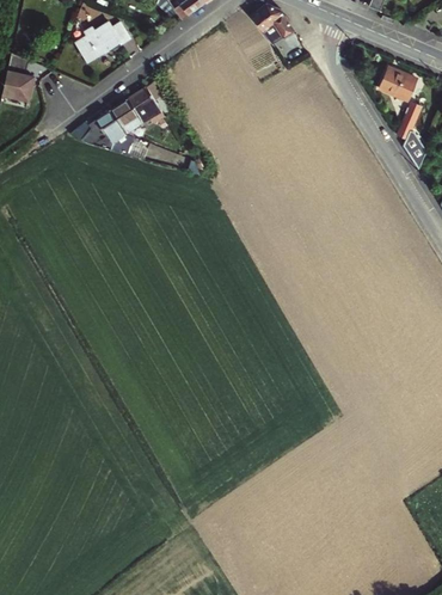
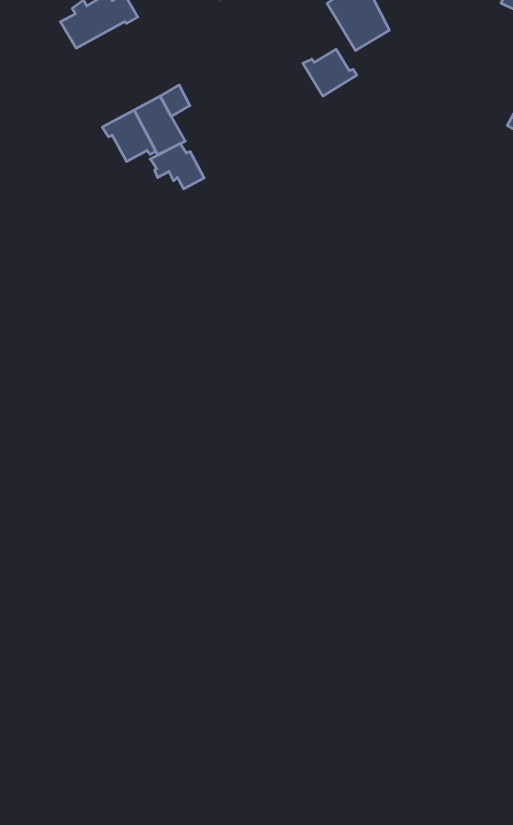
building: none -> [303,49,357,96]
building: [91,112,128,142] -> [150,144,204,189]

